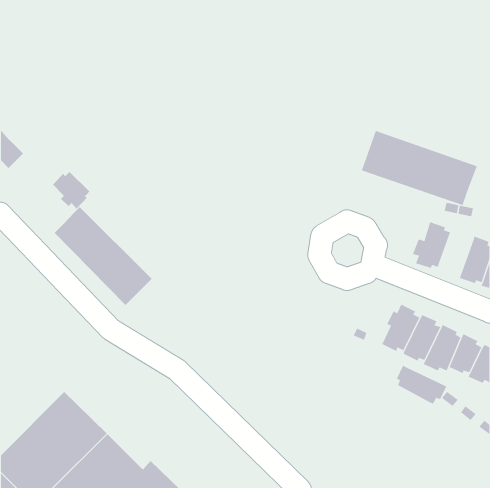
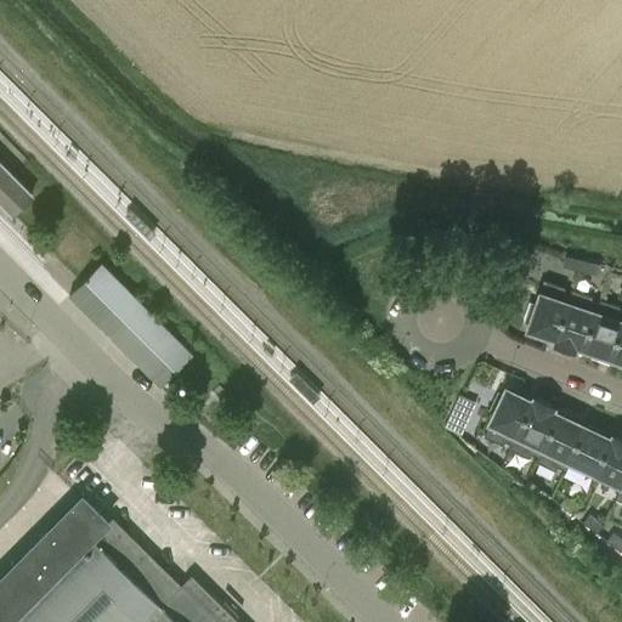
building: [361,130,478,206] -> none
building: [52,171,90,209] -> none
building: none -> [554,293,599,352]
building: [396,365,447,404] -> none

